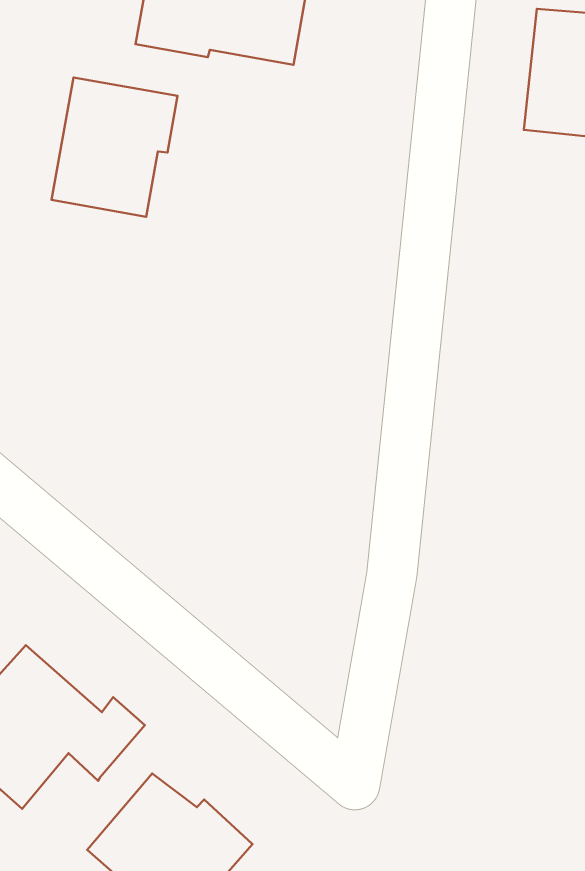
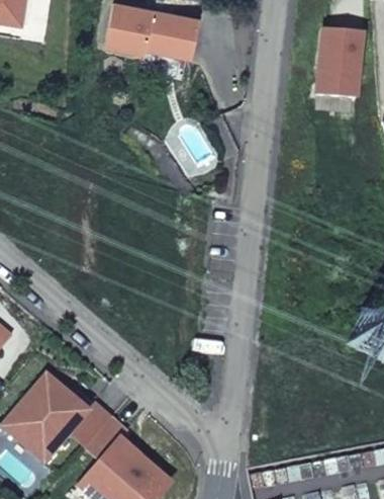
building: [52,77,177,217] -> none

